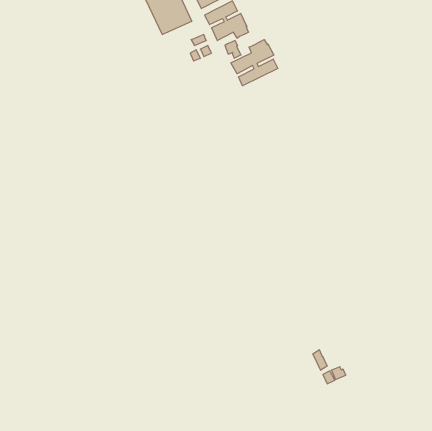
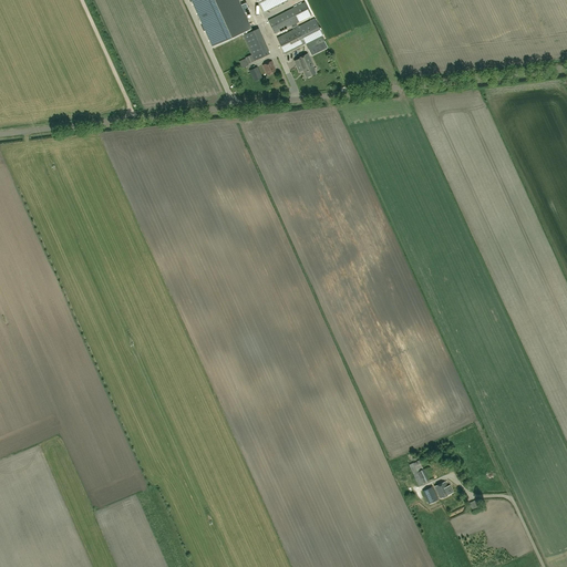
building: [231,40,278,86] -> none

